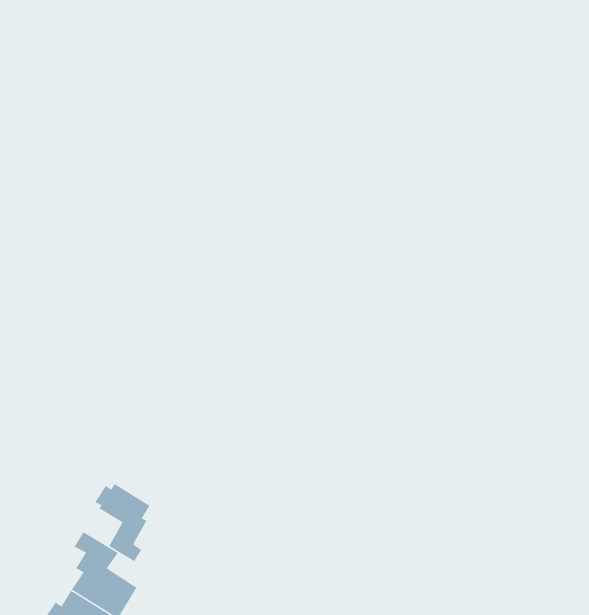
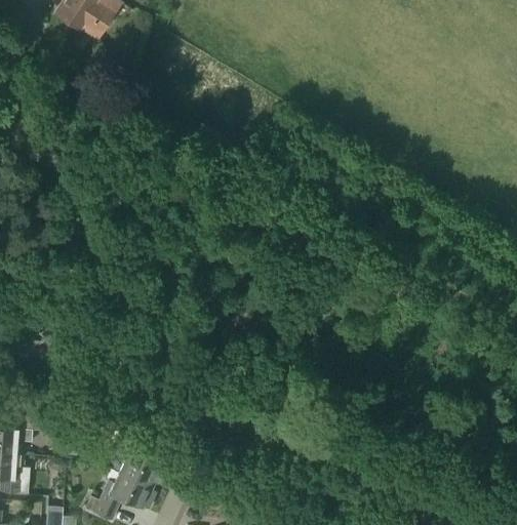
building: [94,483,151,562] -> none

